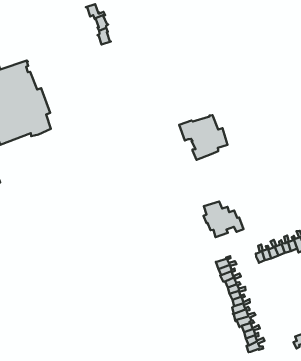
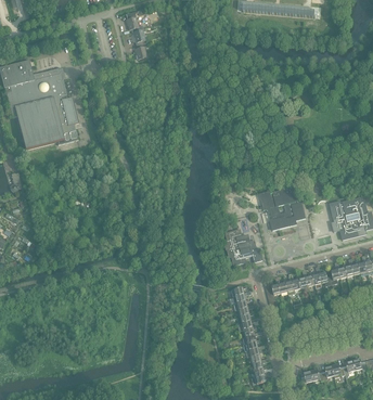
building: [179,115,227,160] -> [258,186,305,230]

